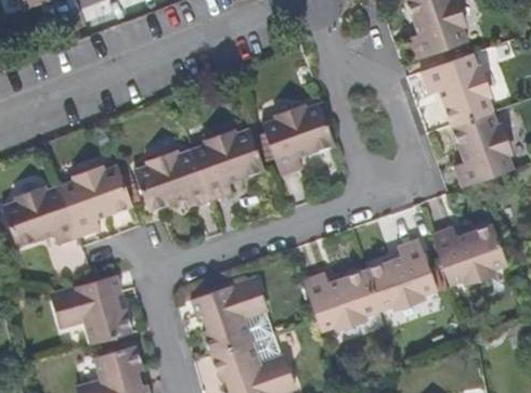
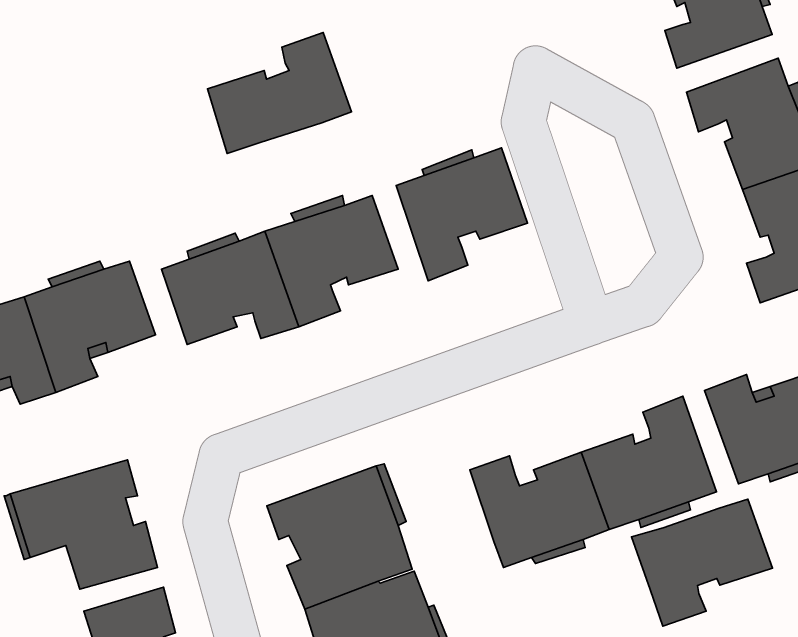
building: none -> [208,32,351,153]
building: none -> [632,499,773,626]

